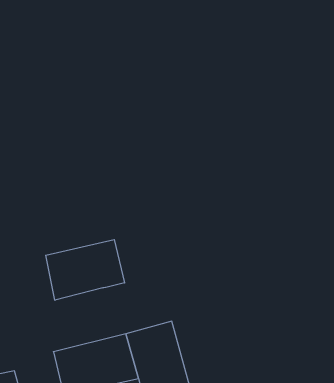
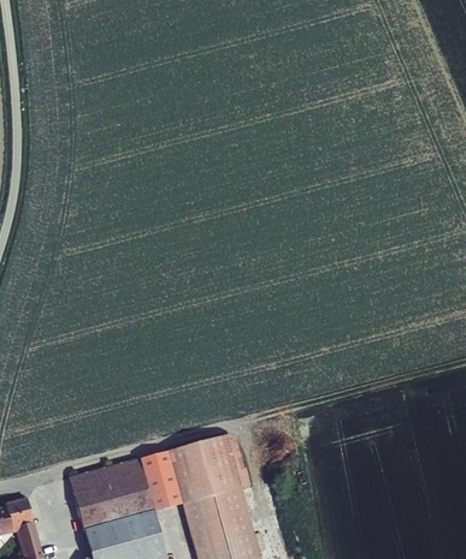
building: [46,240,125,300] -> none

